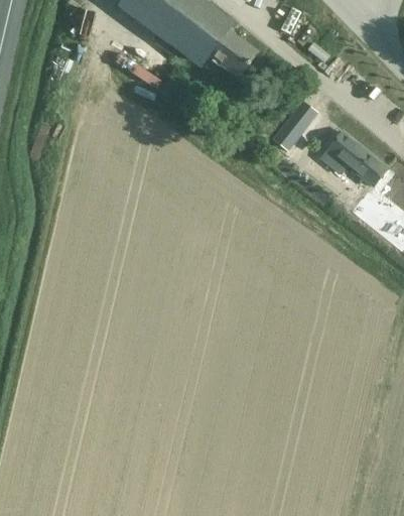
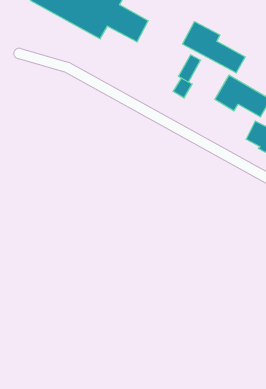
building: none -> [183,22,245,73]

